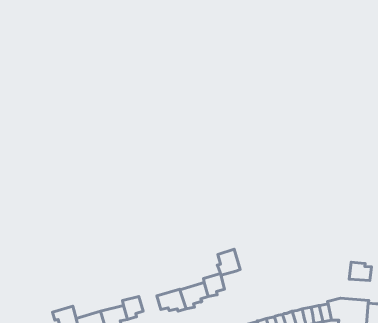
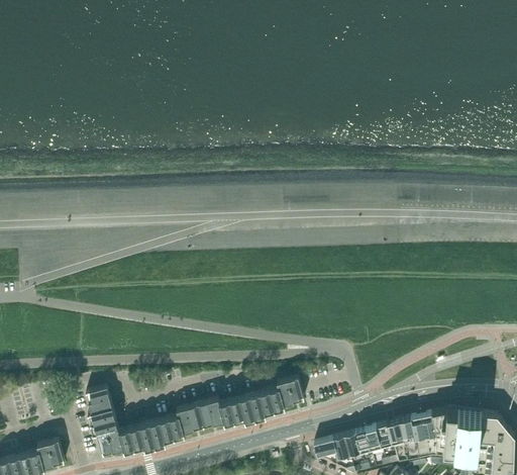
building: [217,249,240,275] -> none
building: [349,262,371,281] -> none
building: none -> [86,388,115,425]
building: none -> [197,400,224,426]

